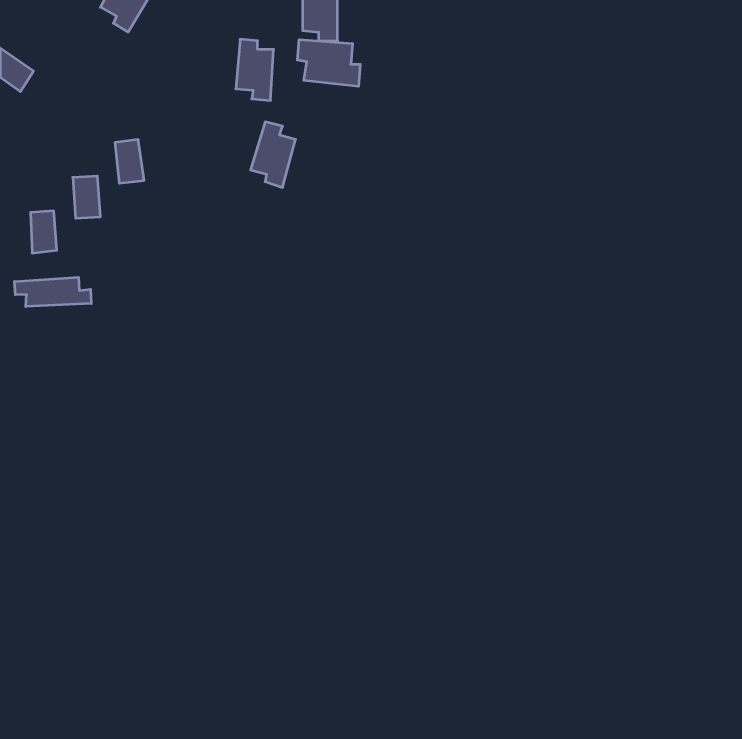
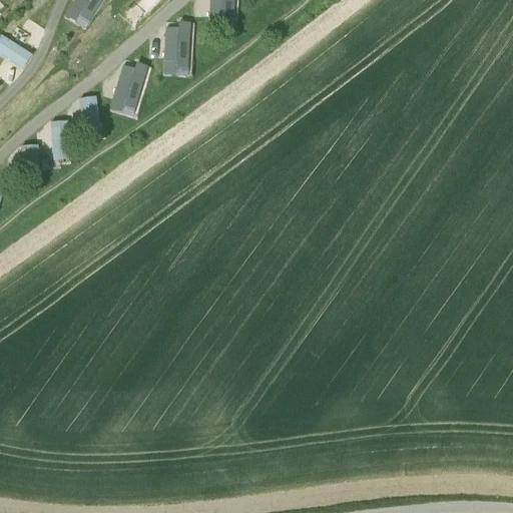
building: [297,40,360,86] -> none
building: [251,122,296,187] -> [114,65,145,110]
building: [15,277,91,307] -> none

